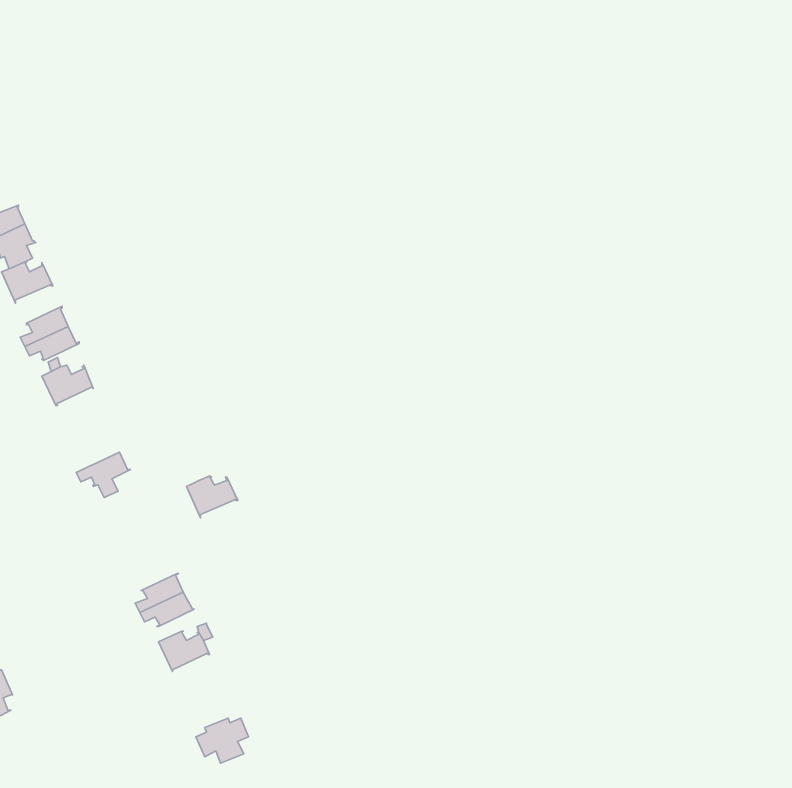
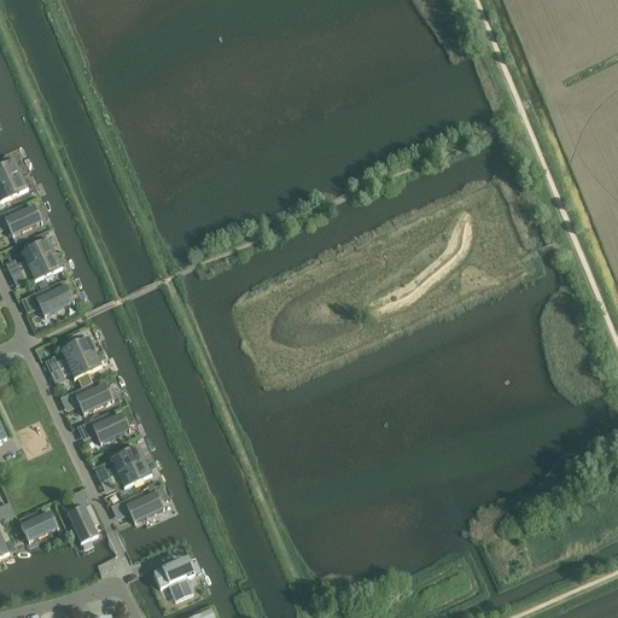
building: none -> [56,328,93,367]
building: [187,476,238,518] -> [89,410,129,443]
building: none -> [72,381,112,414]
building: none -> [66,502,98,542]
building: none -> [17,509,57,541]

